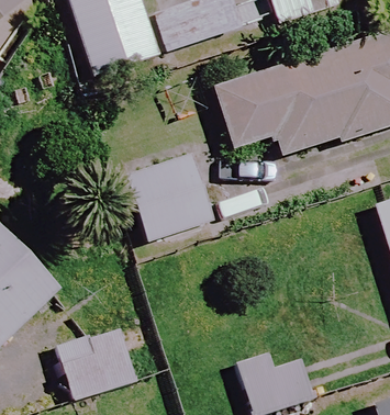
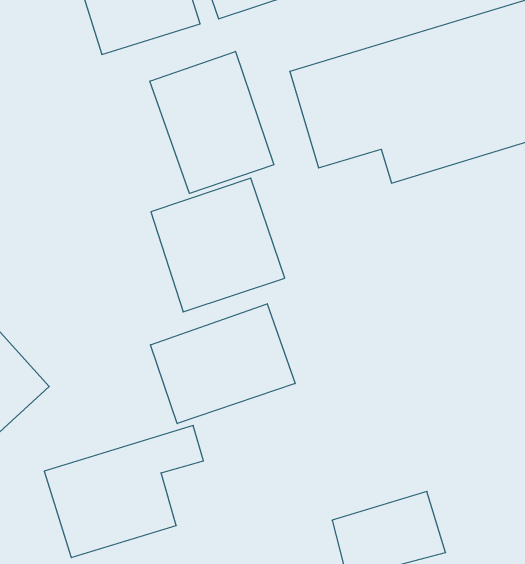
building: none -> [150,51,274,193]
building: none -> [150,304,295,424]

